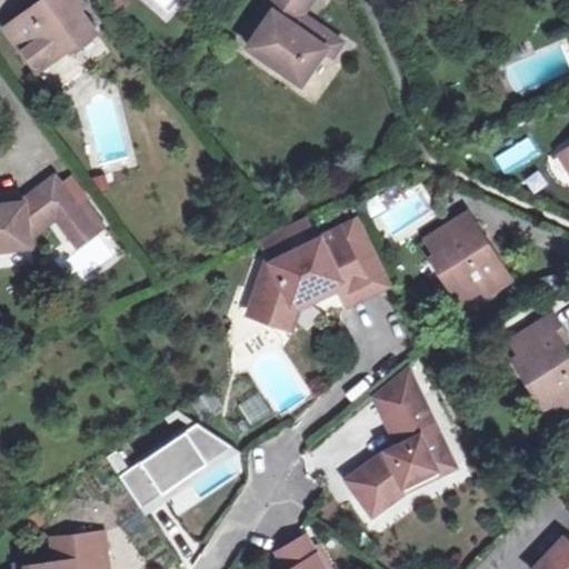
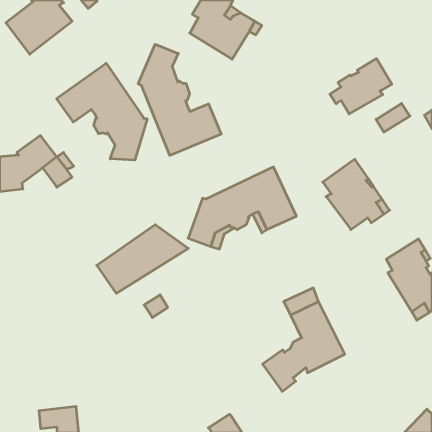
building: none -> [138,44,221,155]
building: none -> [330,59,392,114]
building: none -> [57,63,147,160]
building: [119,421,239,511] -> [97,225,188,293]

